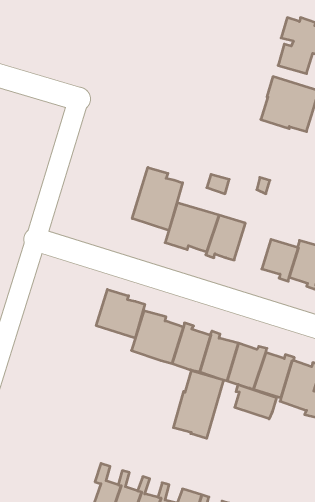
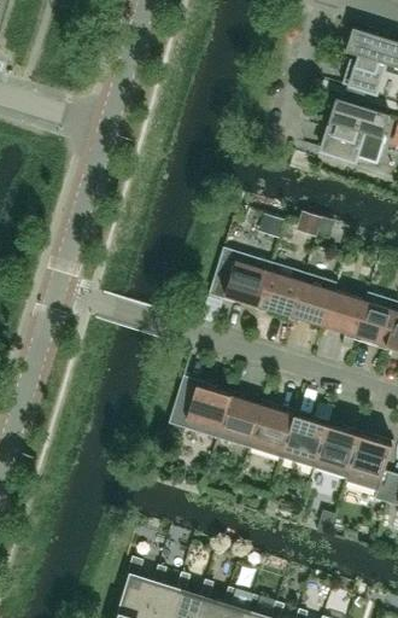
building: [132,167,183,231] -> none
building: none -> [289,272,339,326]
building: [96,289,145,338] -> none
building: [173,370,224,438] -> none
building: [235,384,277,419] -> none

